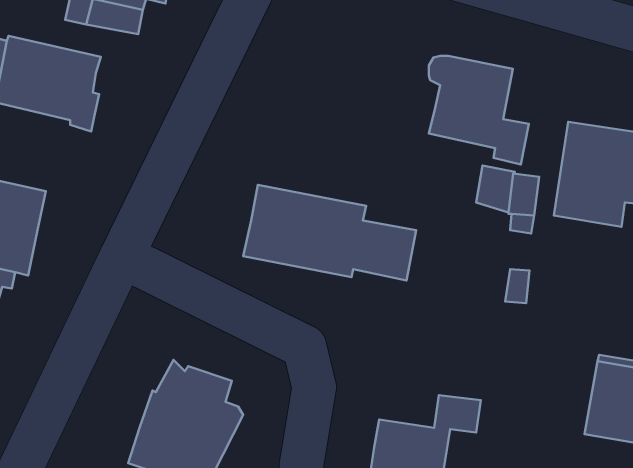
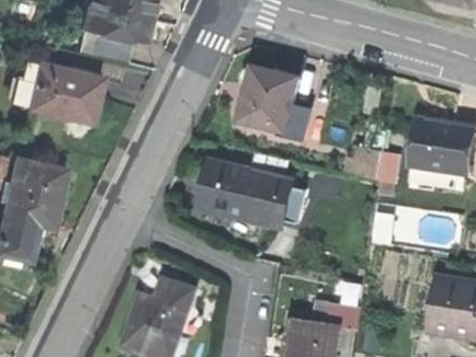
building: [429,56,529,164] -> [237,66,305,139]

